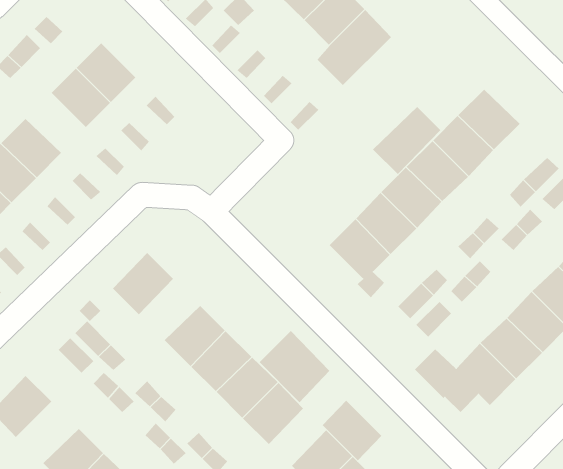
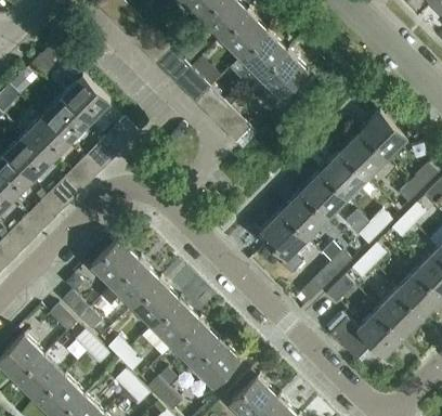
building: none -> [24,116,70,162]
building: [372,106,441,175] -> none
building: none -> [112,260,159,308]
building: [259,330,330,403] -> none
building: [322,400,382,461] -> none
building: none -> [16,355,65,403]

